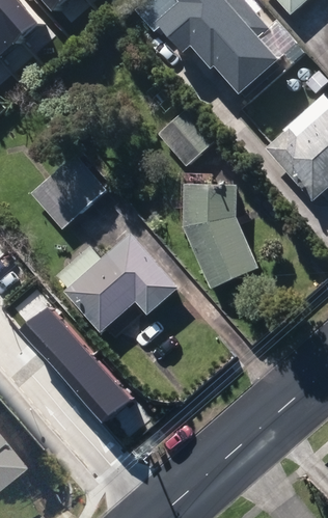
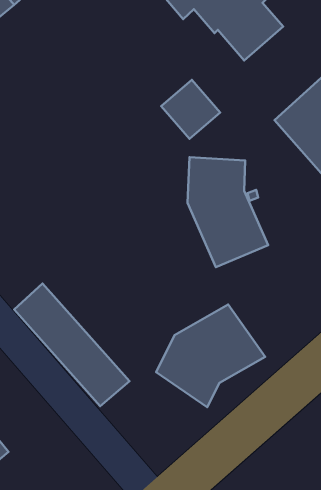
building: [33,156,107,229] -> none
building: [60,234,180,332] -> none
building: none -> [156,305,265,407]

